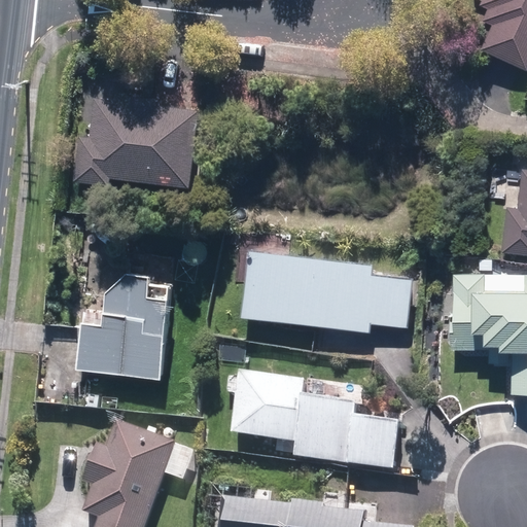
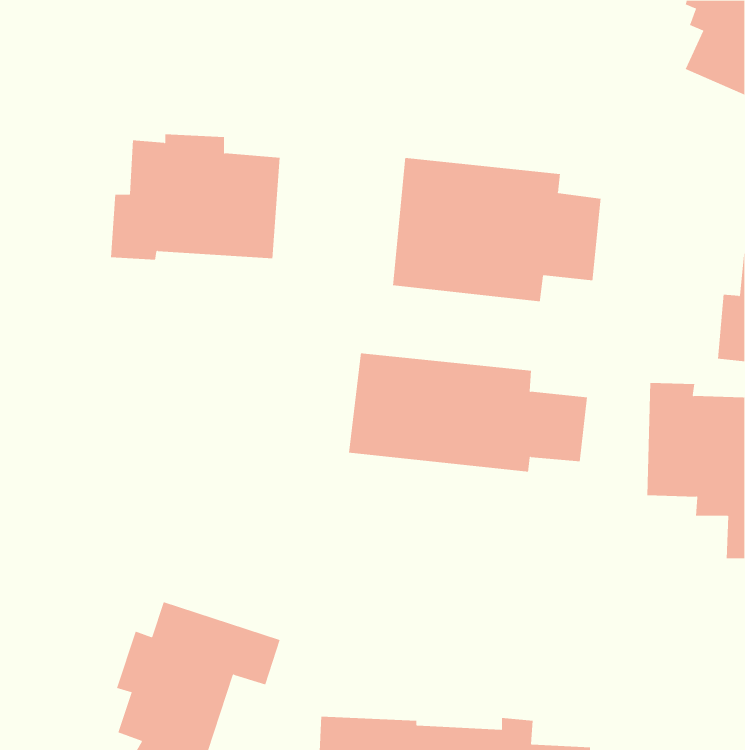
building: none -> [392,157,601,302]
building: [80,271,171,375] -> none
building: [227,367,397,468] -> none

